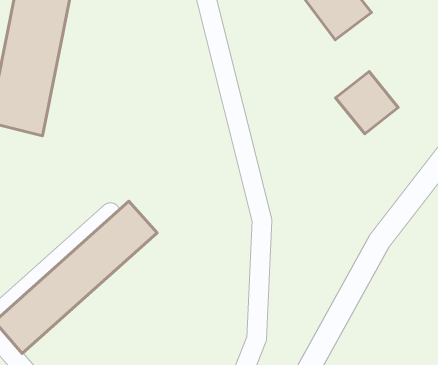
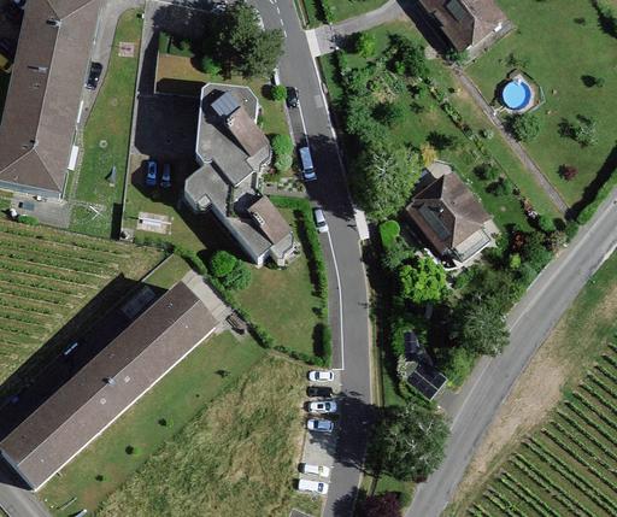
building: none -> [184,94,296,274]
building: [336,71,398,134] -> [409,176,494,262]

